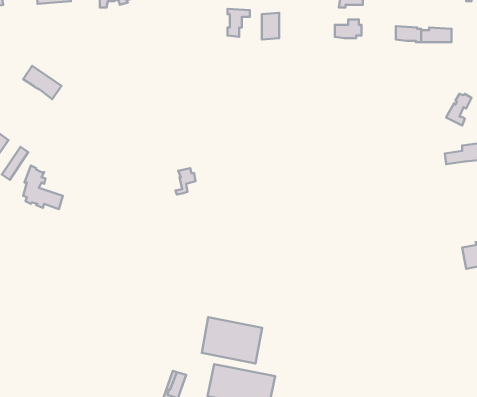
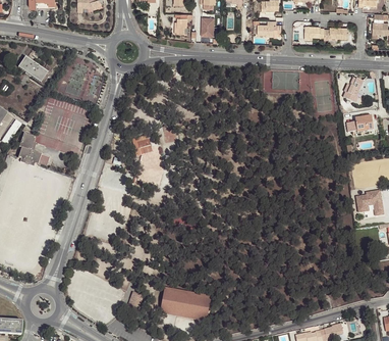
building: [202,317,262,363] -> none

